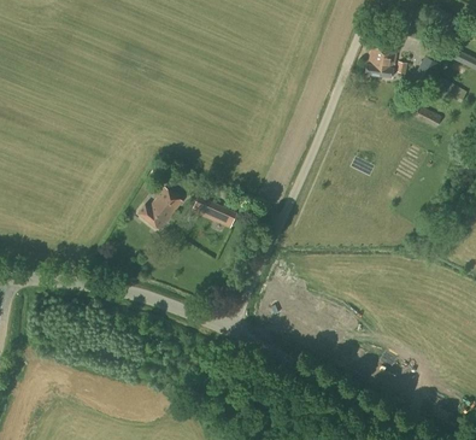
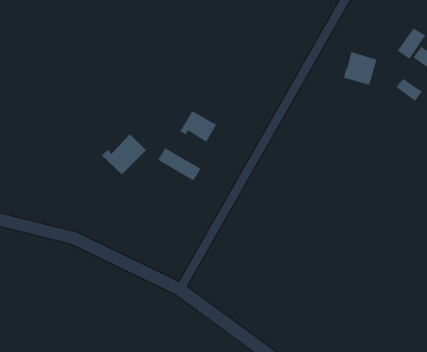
building: [365,47,396,78] -> [343,51,378,86]
building: none -> [179,110,217,143]

